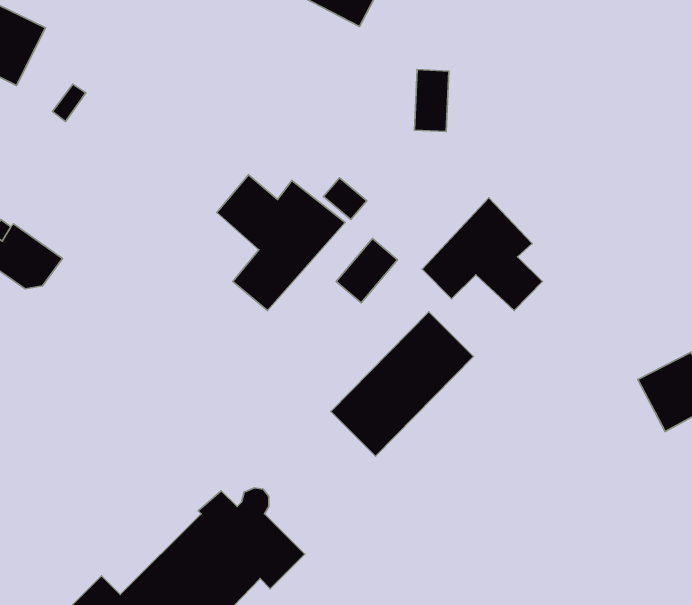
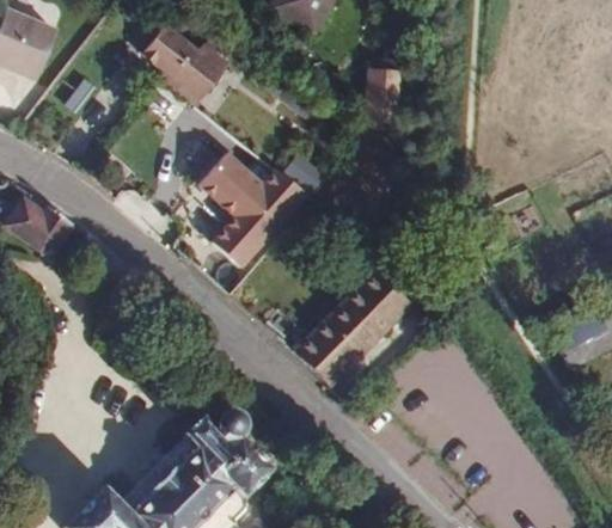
building: none -> [147,29,233,110]
building: [422,198,543,311] -> none
building: [336,238,398,303] -> none

